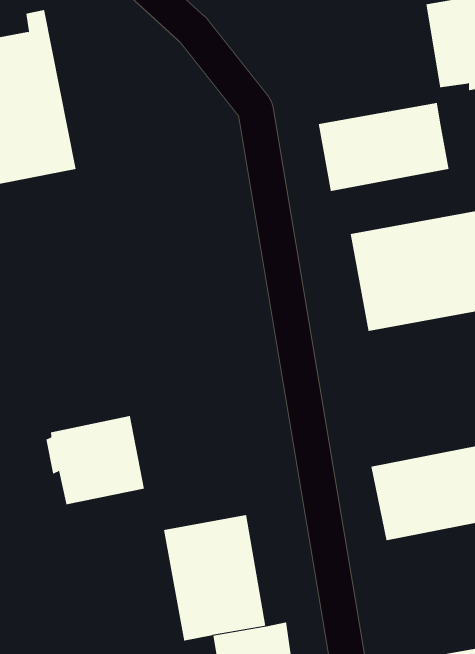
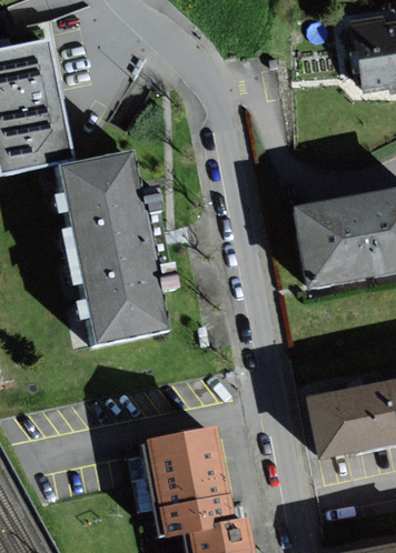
building: [318,102,449,192] -> none
building: none -> [57,153,165,346]
building: [46,415,145,505] -> none

